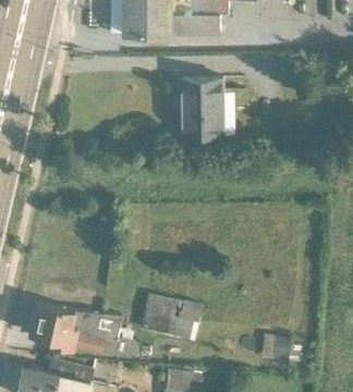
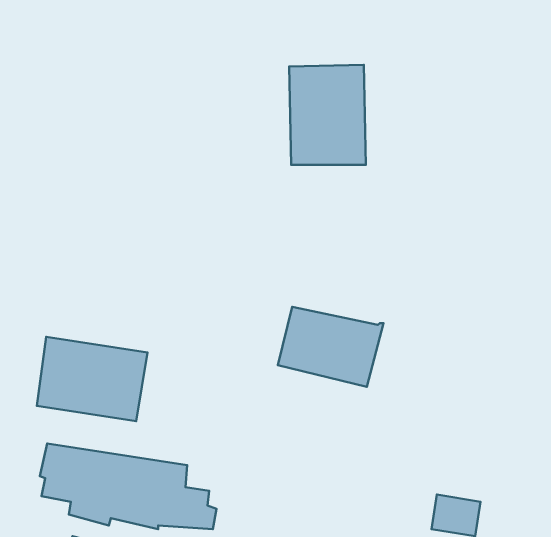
building: none -> [37,337,147,421]
building: [138,295,202,343] -> [278,307,383,387]

